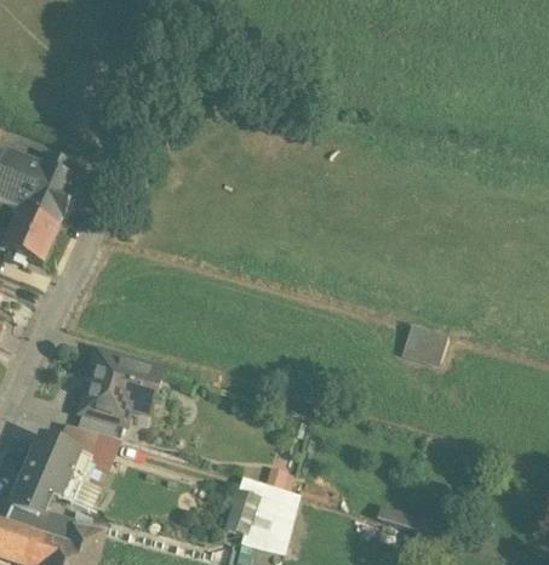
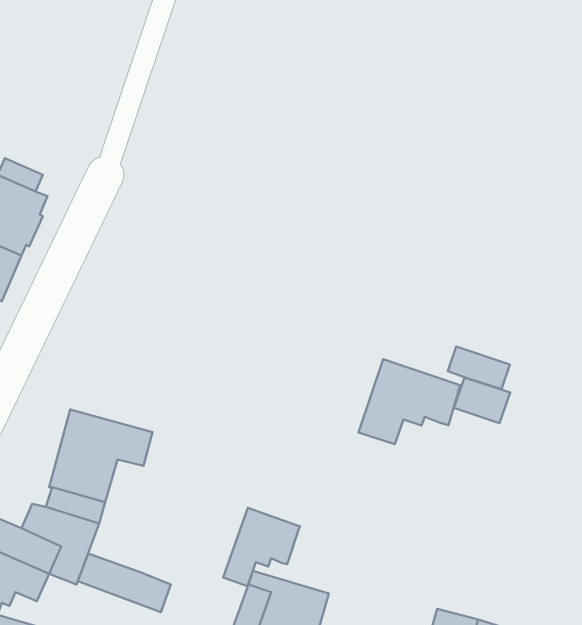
building: none -> [448,346,510,389]
building: none -> [359,359,461,444]
building: none -> [223,508,300,586]
building: none -> [78,553,171,612]

